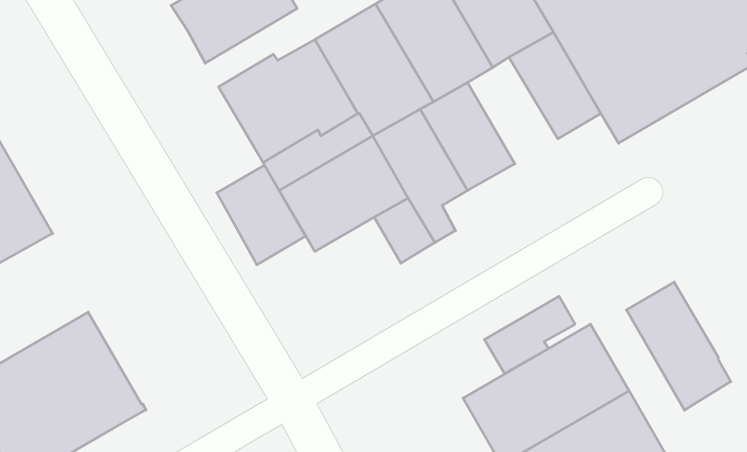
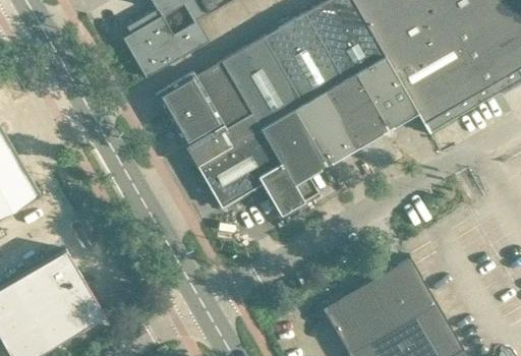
building: none -> [327,73,389,146]
building: [217,165,306,265] -> none
building: [626,282,731,410] -> none
building: [484,296,575,374] -> none

